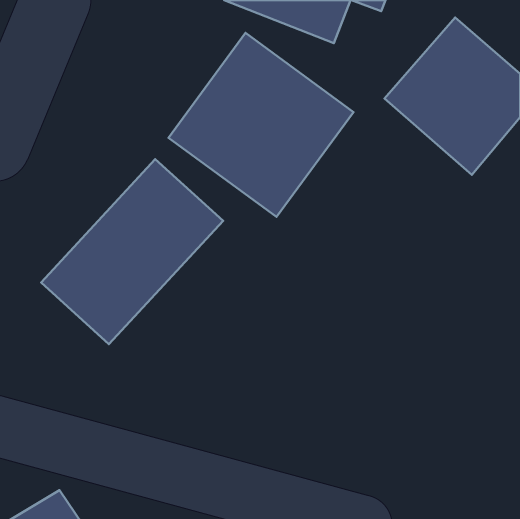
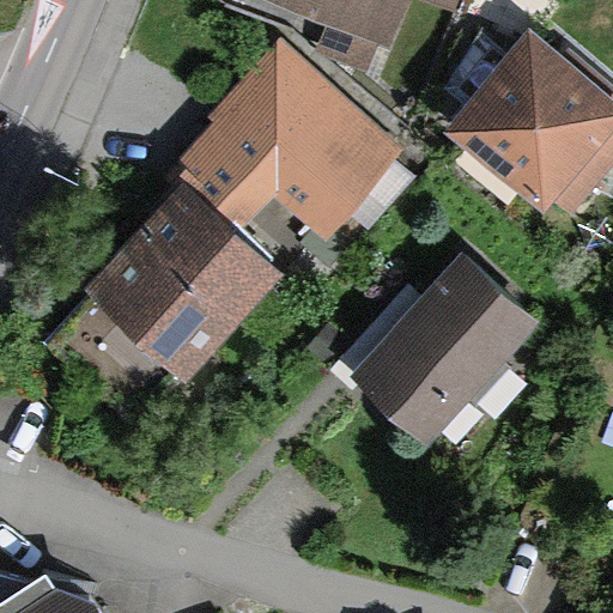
building: none -> [357,247,533,426]

